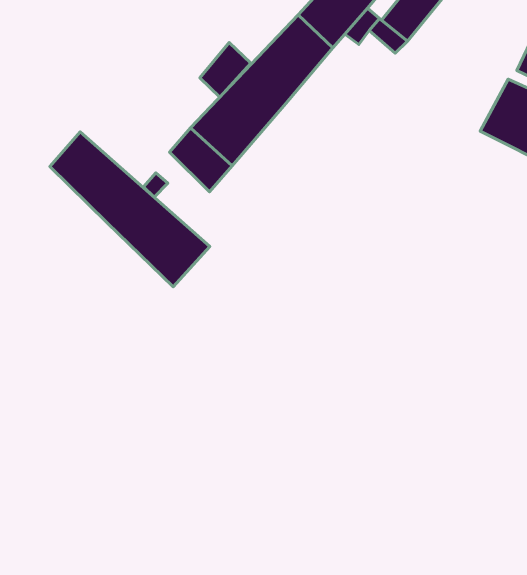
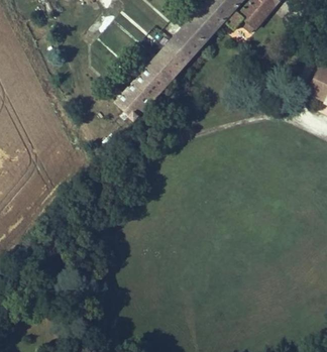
building: [200,42,251,97] -> none
building: [50,132,210,287] -> none

